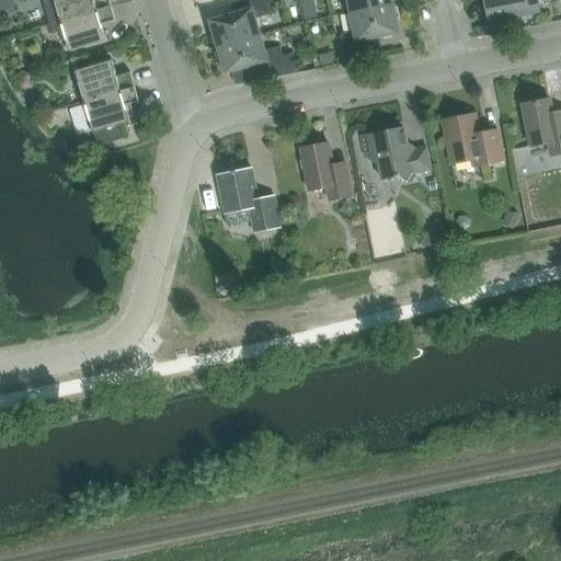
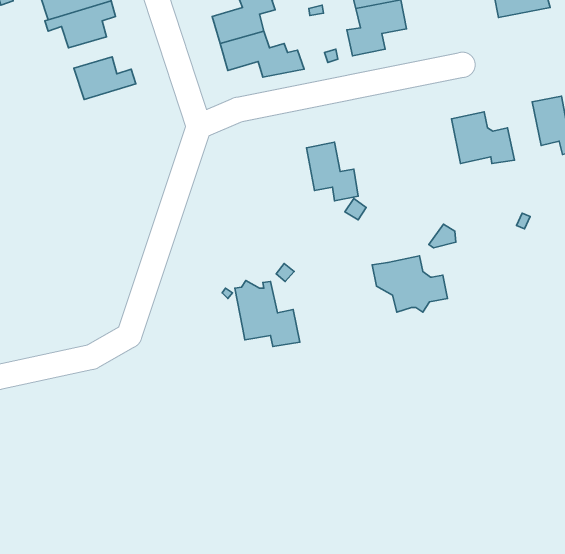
building: [83,84,138,145] -> none
building: [356,126,430,181] -> [372,256,447,312]
building: [216,165,279,230] -> [235,280,300,347]

